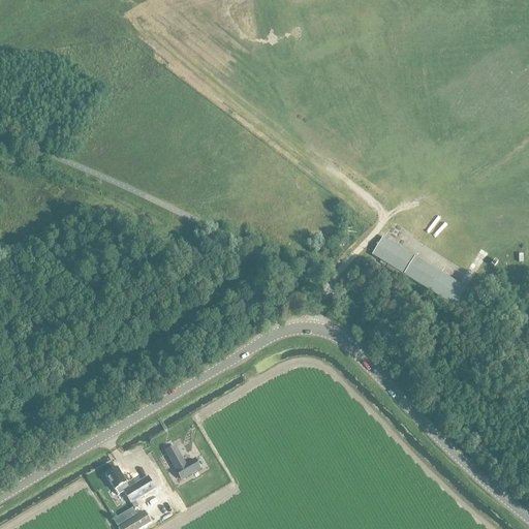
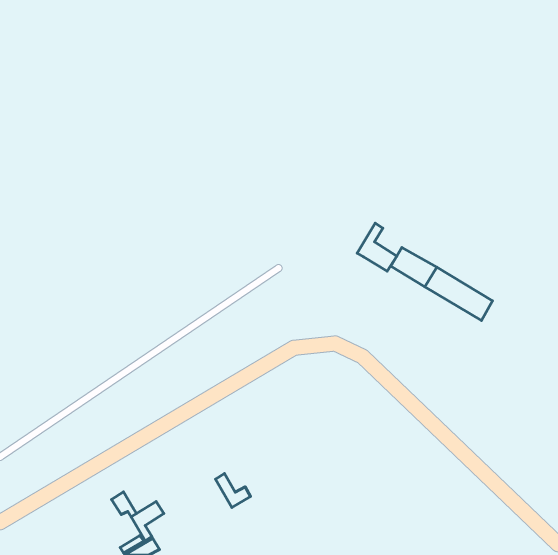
building: none -> [357,223,397,271]
building: [166,445,199,477] -> [216,474,251,507]

